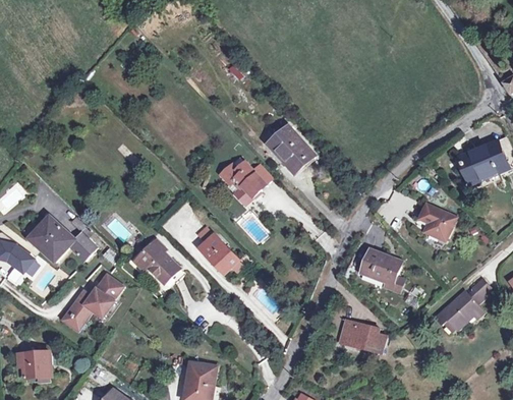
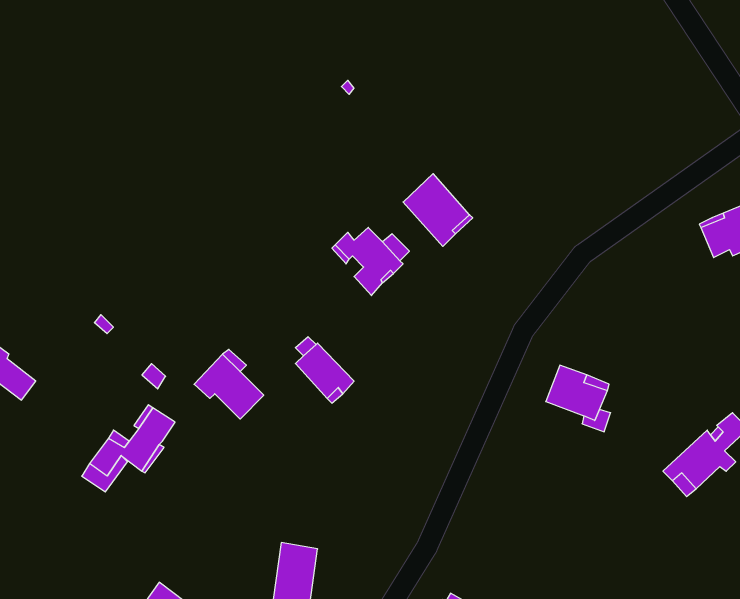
building: [420,205,454,240] -> none
building: [28,217,96,262] -> none
building: [340,320,385,353] -> none
building: [22,351,51,378] -> none

